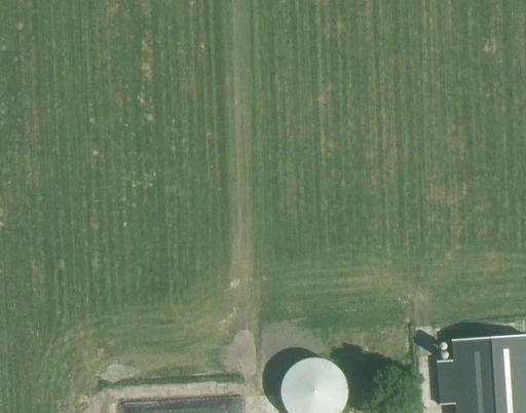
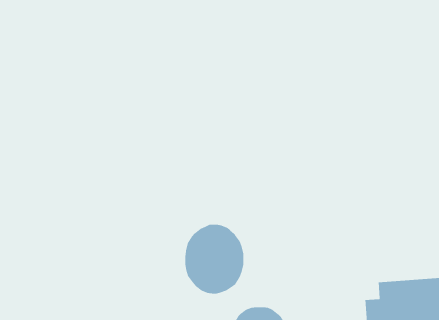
building: none -> [184,224,244,295]

